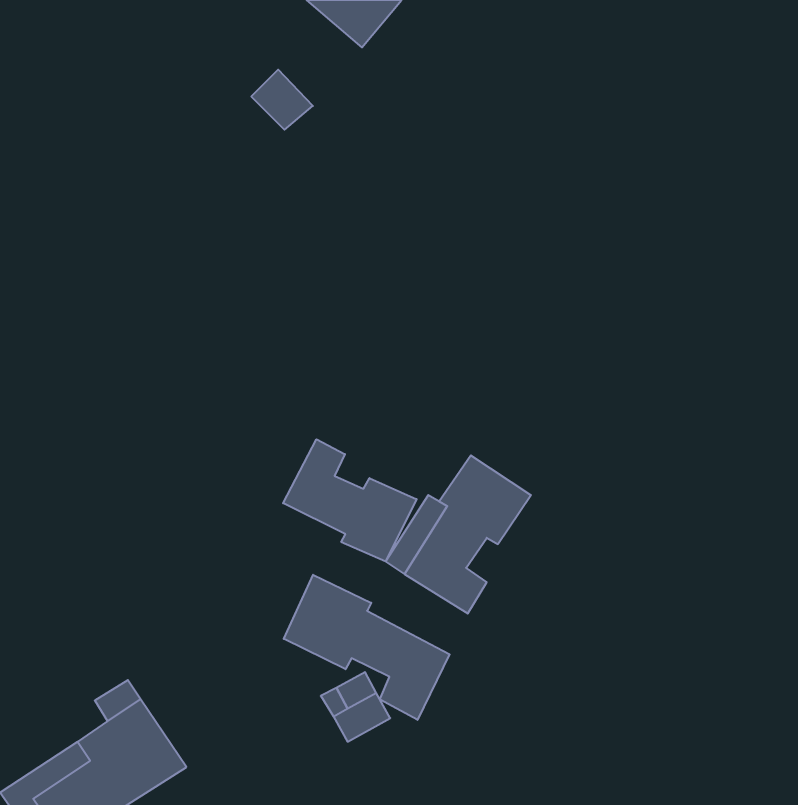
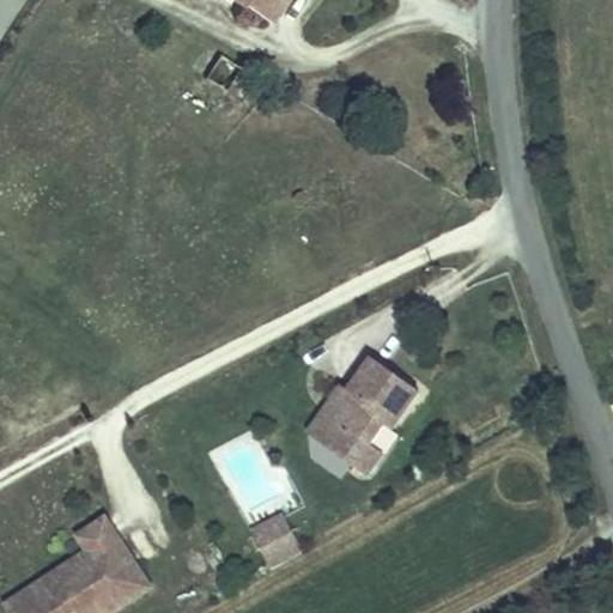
building: [283,439,417,561] -> none
building: [284,575,450,720] -> none

